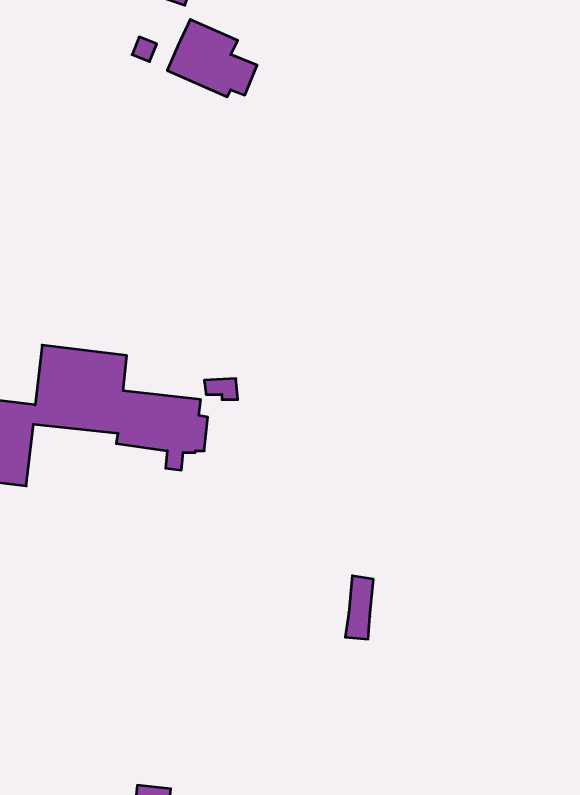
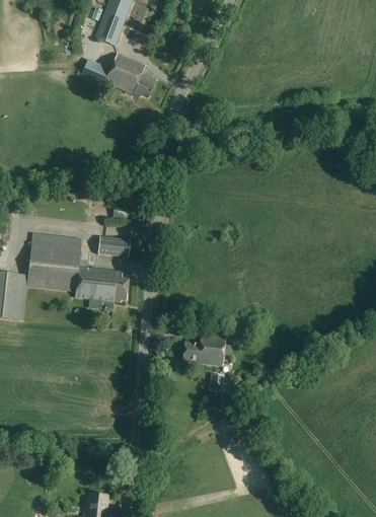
building: none -> [97,236,129,255]
building: none -> [181,333,231,365]

